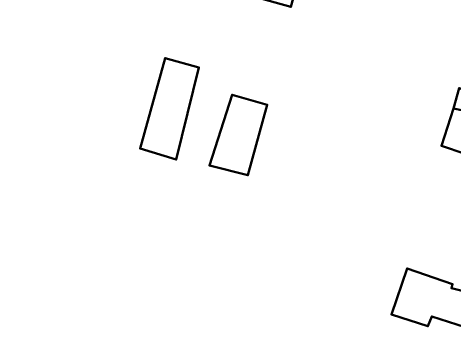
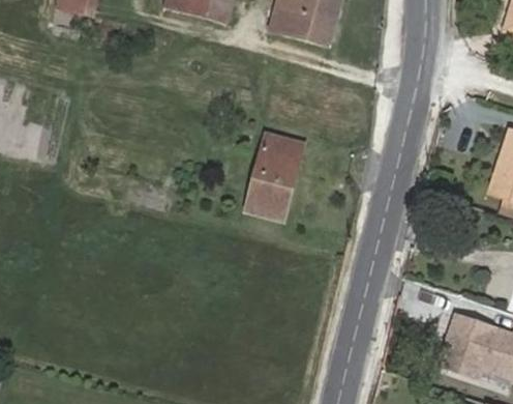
building: [140,58,199,159] -> none

